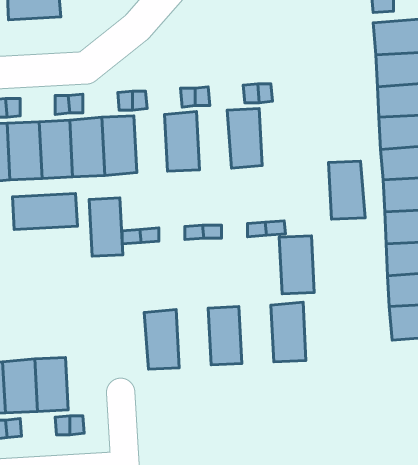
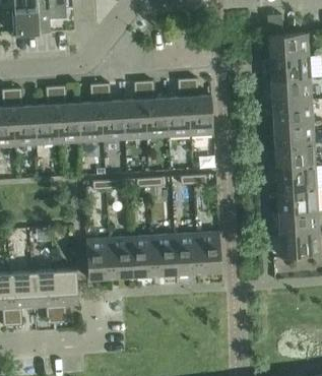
building: none -> [145,98,170,139]
building: [329,161,365,219] -> [189,96,214,136]
building: [12,194,77,230] -> none
building: [89,198,123,256] -> [102,101,125,141]
building: [279,236,314,294] -> [175,234,199,274]
building: none -> [131,236,155,277]
building: none -> [86,239,112,279]
building: none -> [54,269,79,307]

